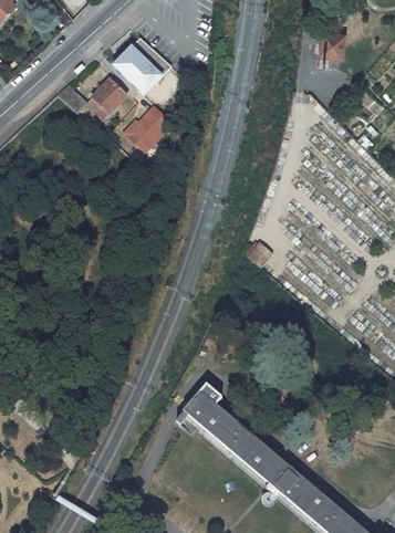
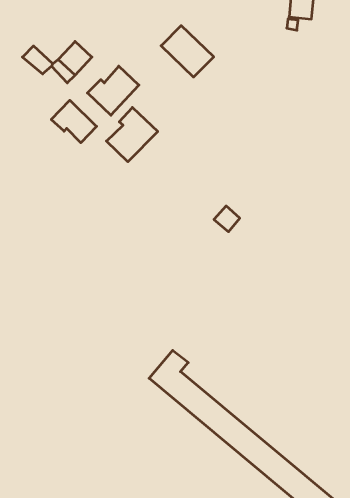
building: [112,42,164,93] -> [161,26,214,77]
building: none -> [51,100,97,143]
building: none -> [106,107,158,162]

